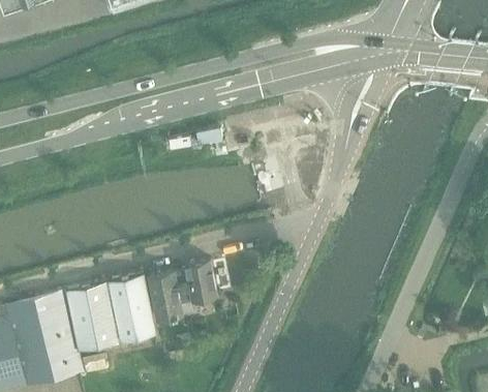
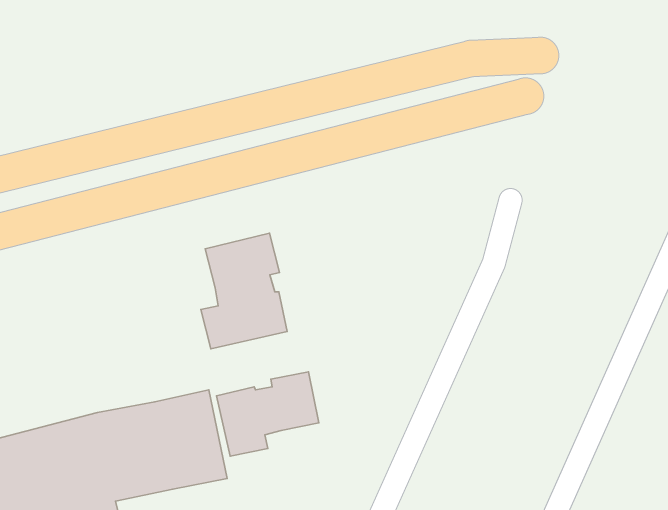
building: none -> [201,233,287,349]

